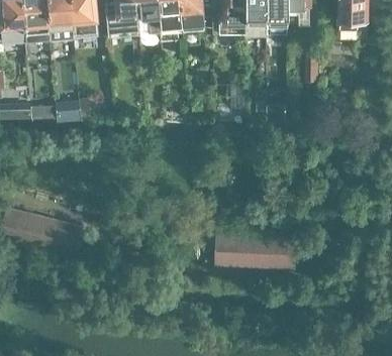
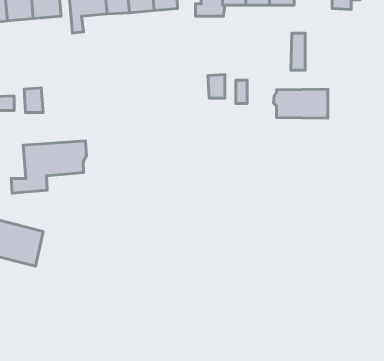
building: none -> [274,89,328,118]
building: none -> [11,141,87,193]
building: [217,239,295,268] -> none

